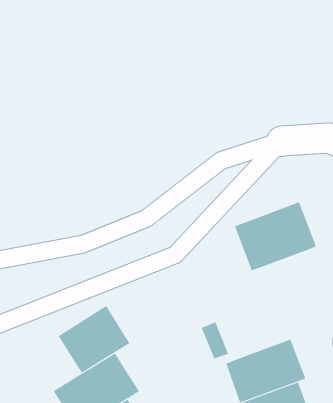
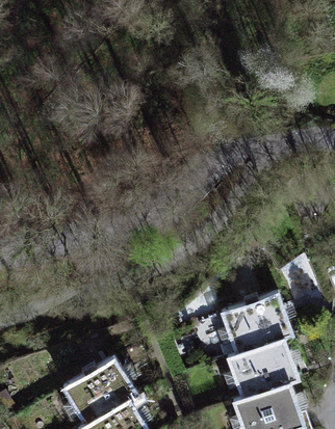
building: [234,201,317,271] -> [222,287,302,354]
building: [58,305,130,373] -> none

